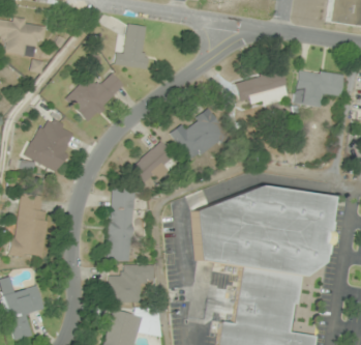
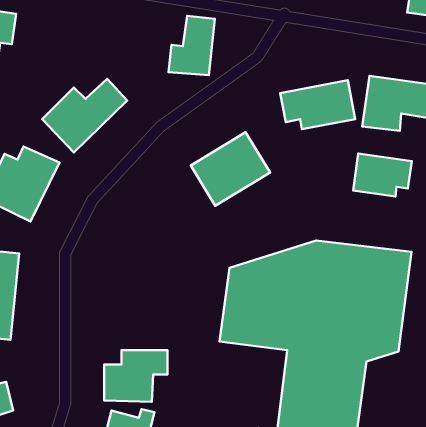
building: [117,25,150,67] -> [169,16,215,75]
building: none -> [353,154,412,196]
building: [129,142,181,185] -> none
building: [109,191,133,261] -> none

